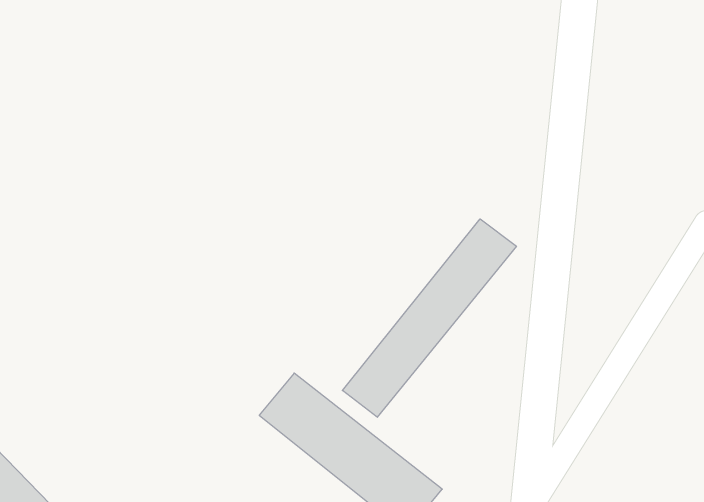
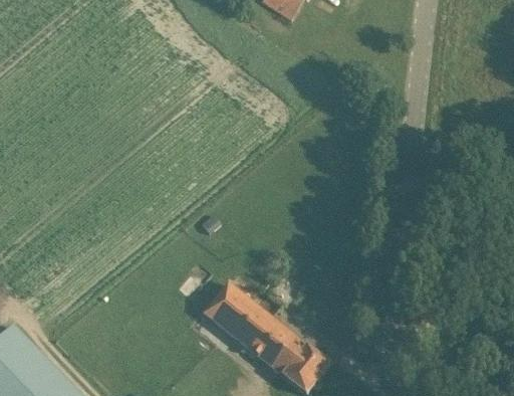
building: [342,219,516,417] -> none

